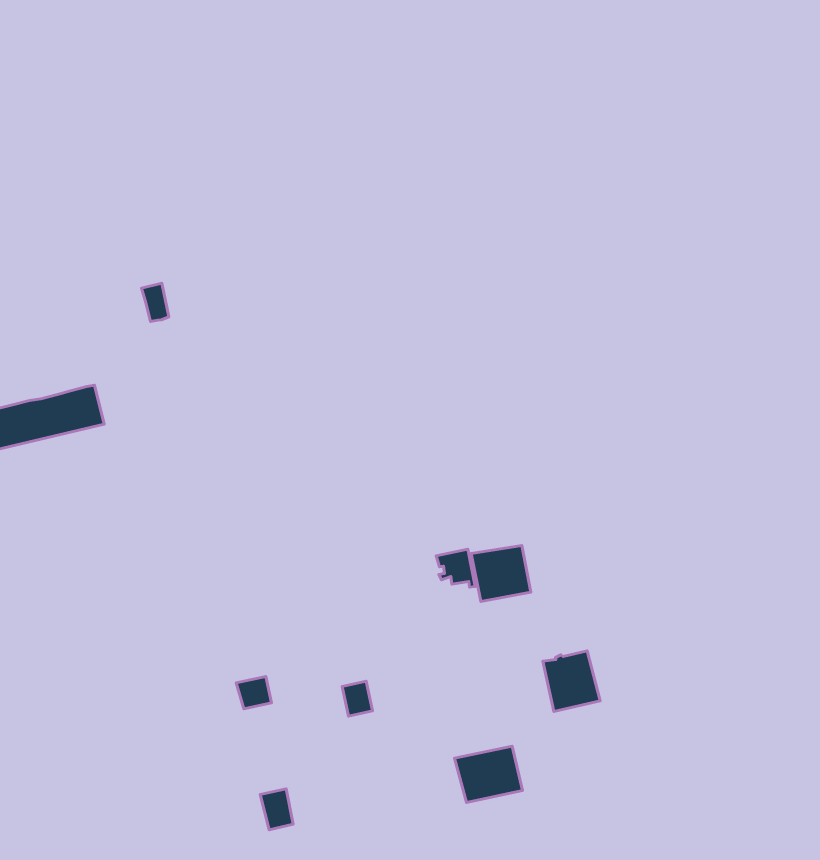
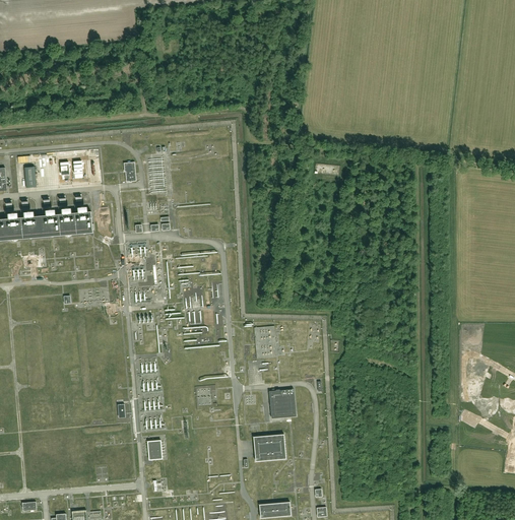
building: [471,546,531,601] -> none
building: [543,651,600,711] -> [268,389,296,418]

